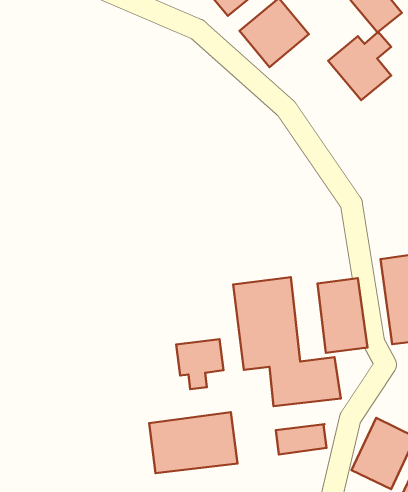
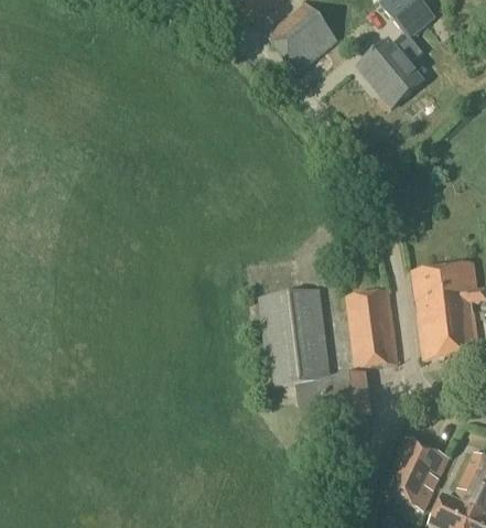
building: [176,339,224,389] -> none
building: [149,412,237,473] -> none
building: [276,424,327,454] -> none

